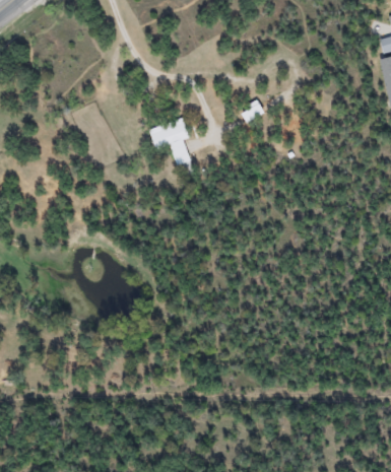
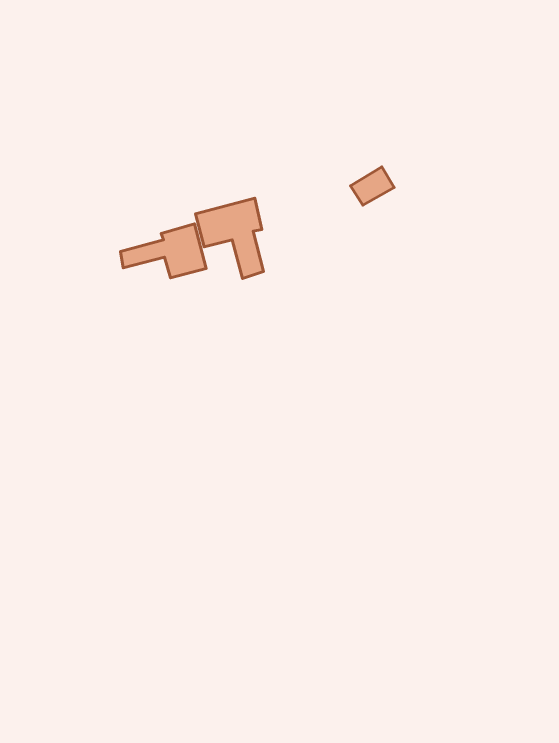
building: none -> [120,224,206,278]

